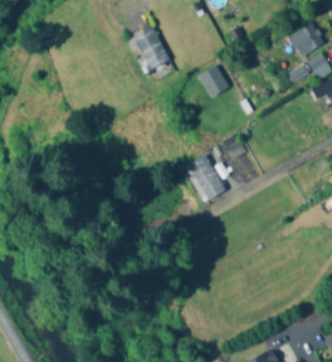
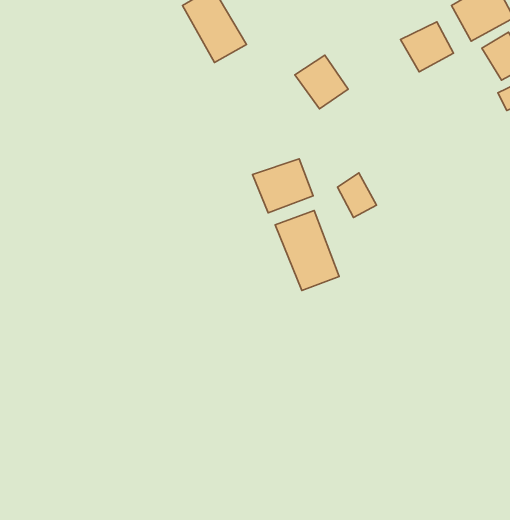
building: none -> [401,22,454,72]
building: none -> [252,159,313,213]

